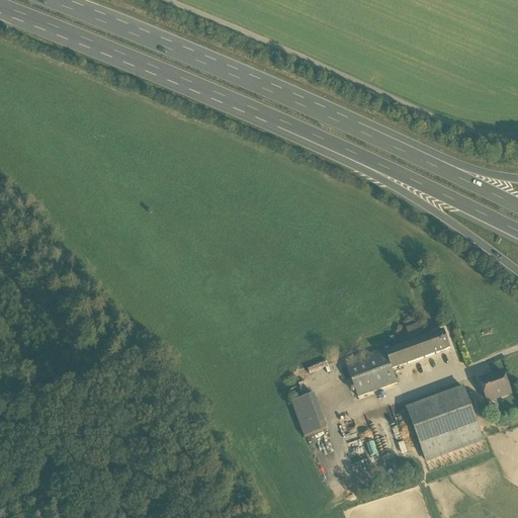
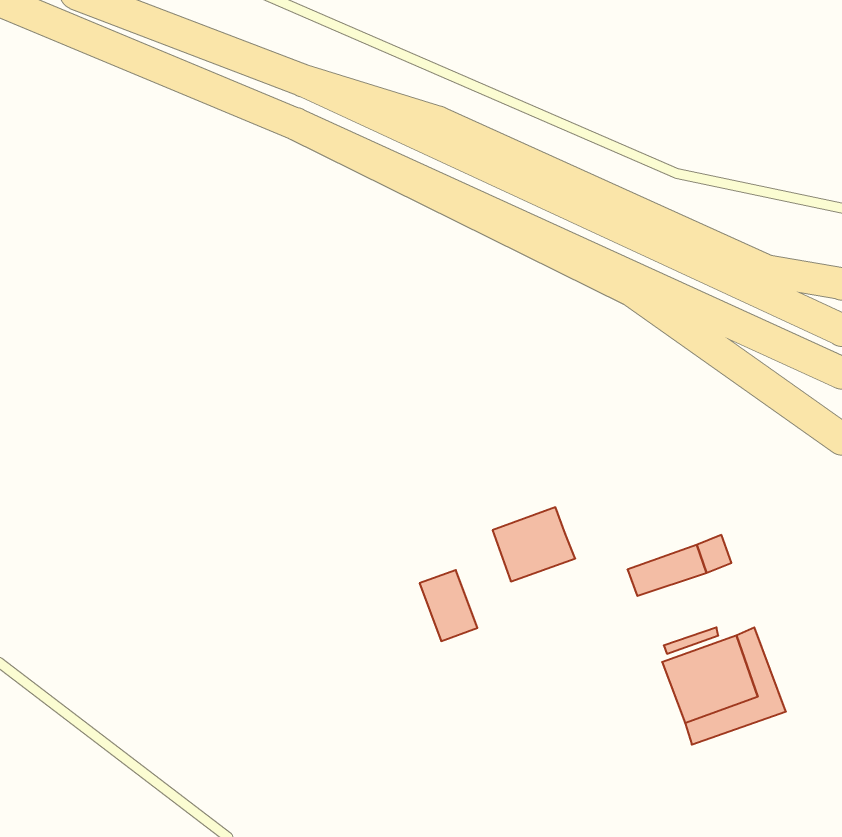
building: [346,349,397,395] -> [493,507,575,581]
building: [480,369,509,396] -> none
building: [290,392,326,435] -> [420,570,477,641]

